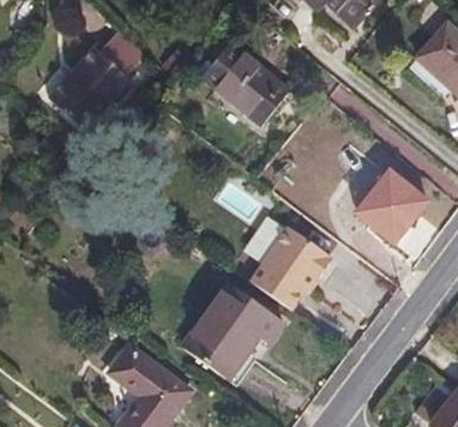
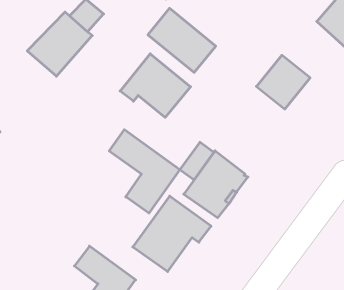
building: none -> [120,54,191,117]
building: [358,172,427,240] -> [256,55,310,109]
building: none -> [109,130,180,213]

